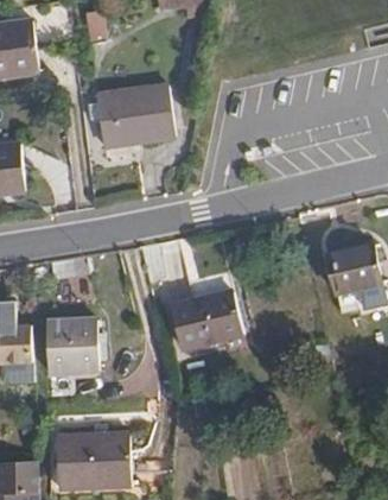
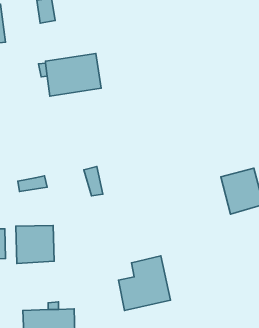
building: [174,273,246,348] -> [118,256,171,311]

